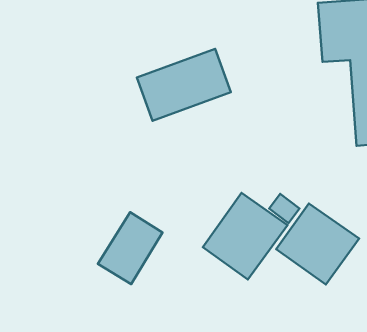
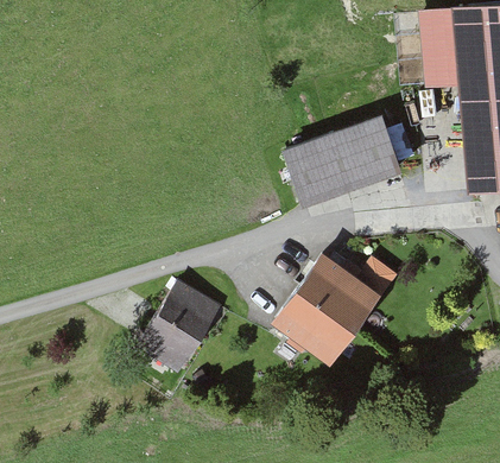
building: [137,49,231,121] -> [280,115,401,208]
building: [276,204,359,285] -> none

